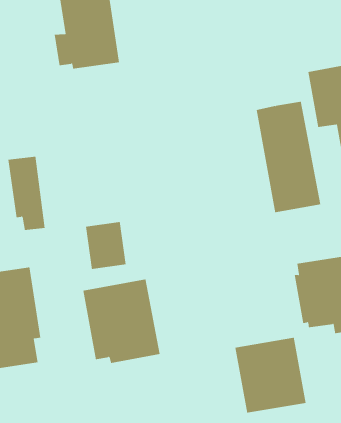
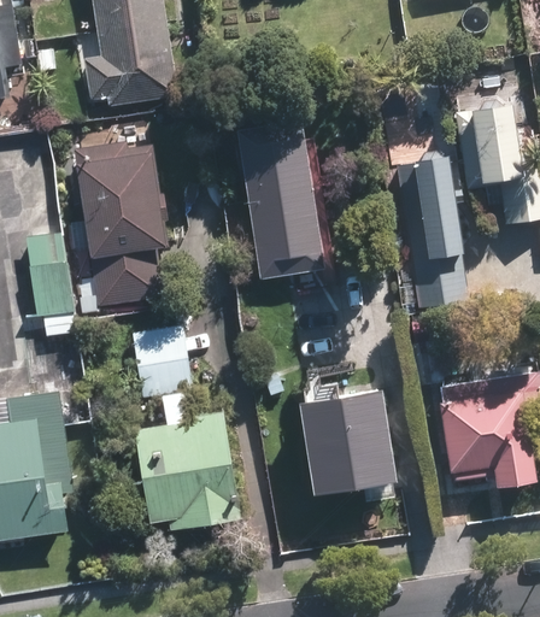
building: none -> [237,121,328,281]
building: none -> [77,143,171,310]
building: [235,337,306,413] -> [293,386,395,494]

